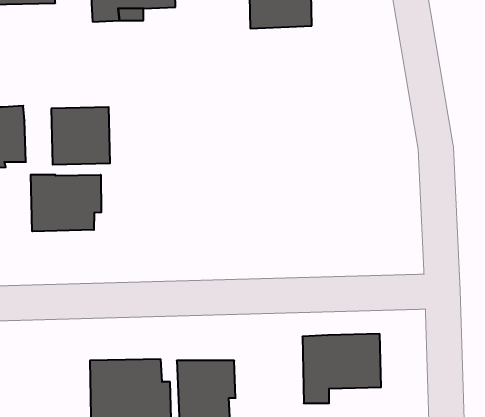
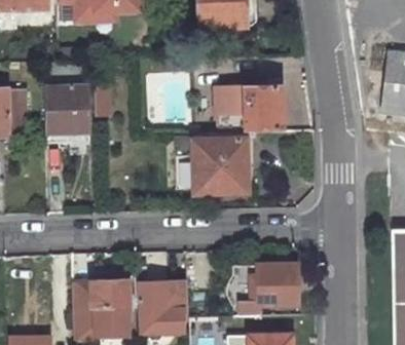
building: none -> [218,86,282,127]
building: none -> [176,138,251,194]
building: [31,175,101,231] -> none

